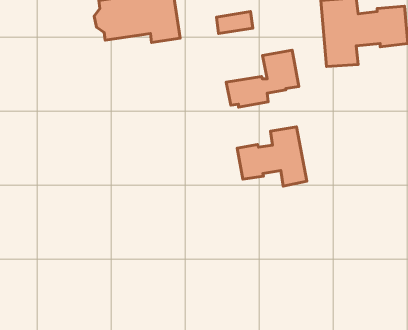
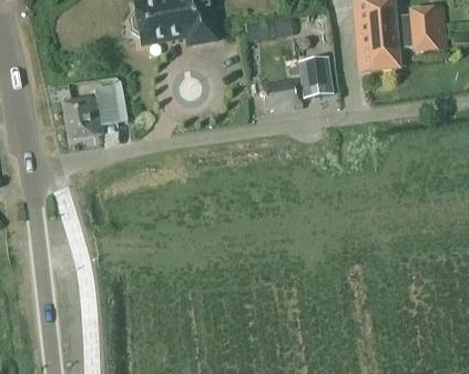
building: none -> [63,84,119,139]
building: [237,127,307,186] -> none

